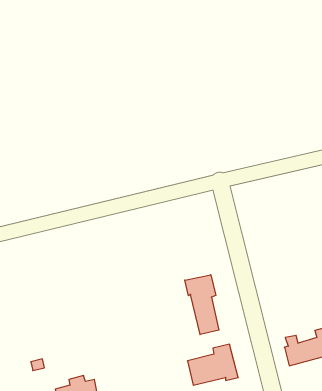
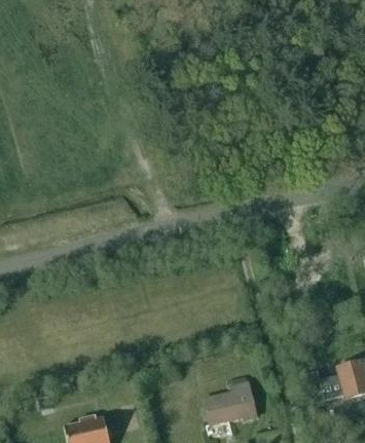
building: [185,275,219,335] -> none

